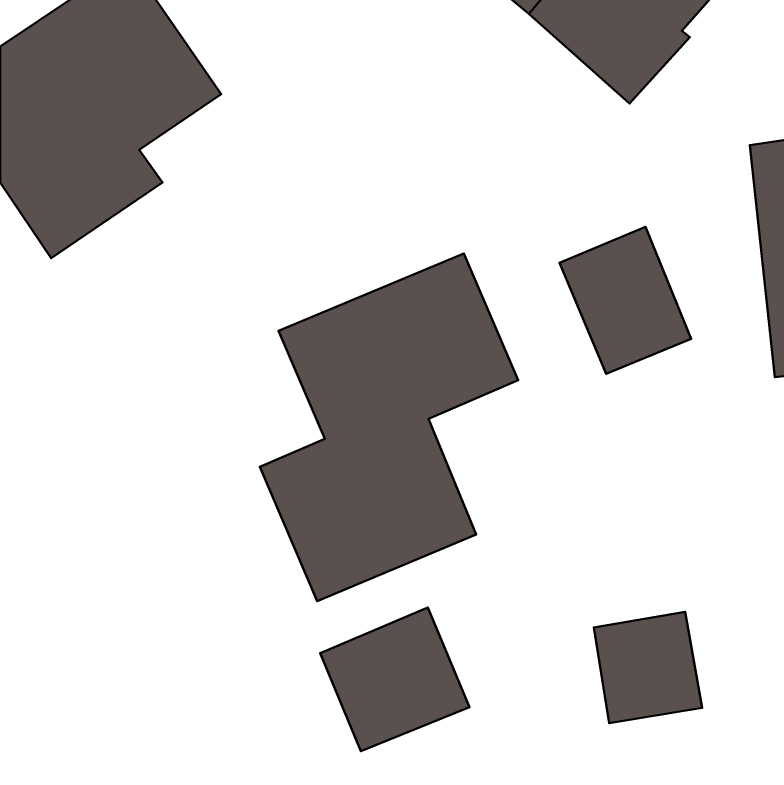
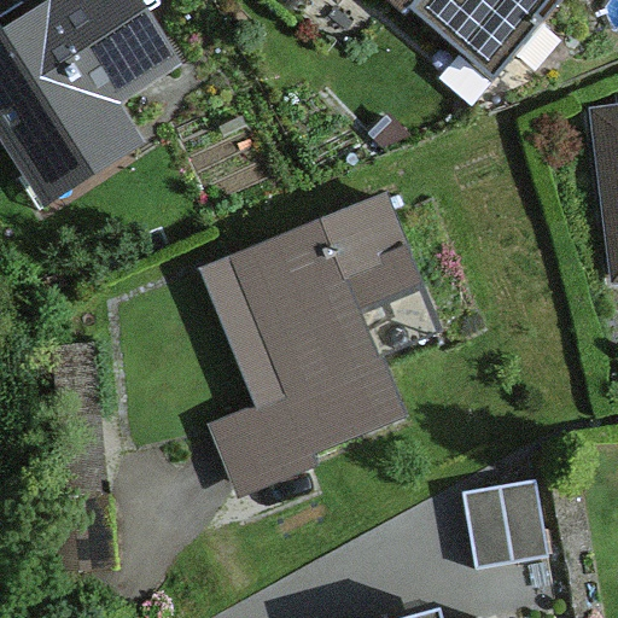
building: [559,227,691,374] -> none
building: [320,607,469,751] -> none

